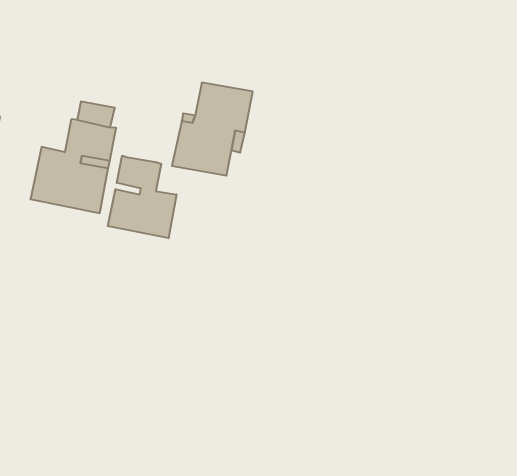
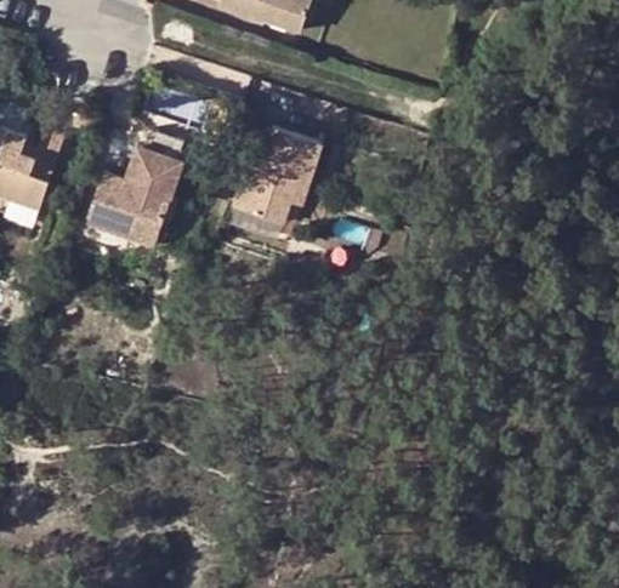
building: [108,156,176,238] -> none

